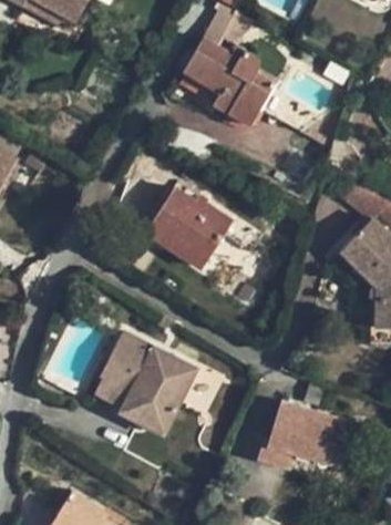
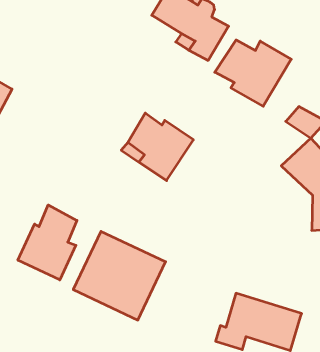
building: none -> [215,40,291,106]
building: none -> [18,205,77,280]

